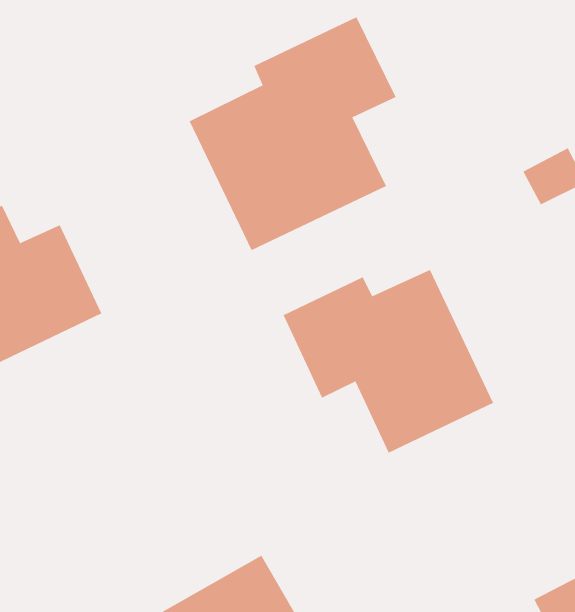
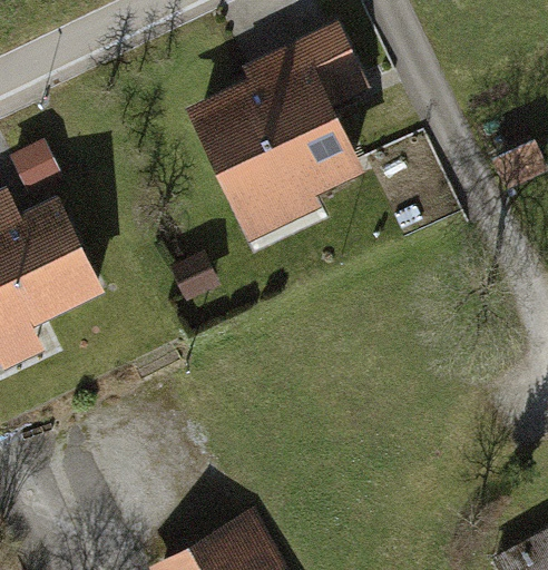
building: [283,269,494,454] -> none

